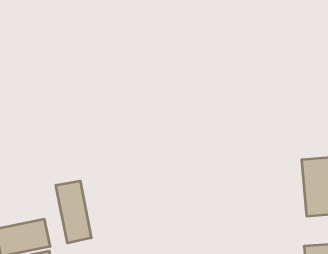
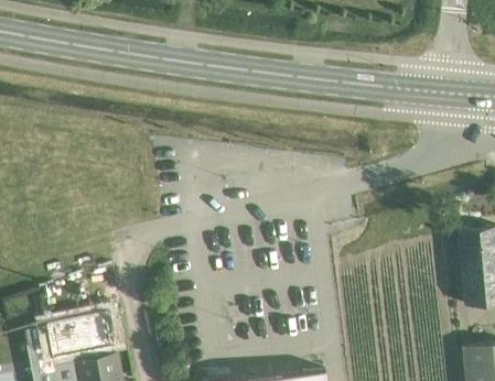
building: [56,181,91,243] -> none

